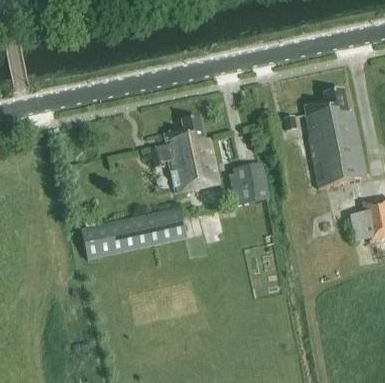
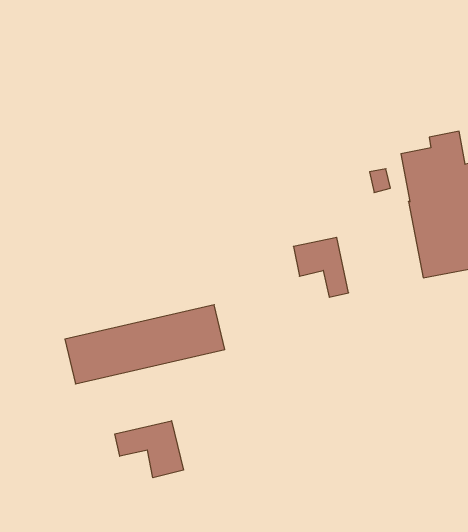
building: [150,116,219,192] -> none
building: none -> [115,421,183,478]

